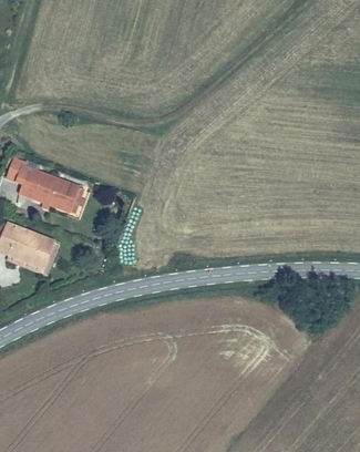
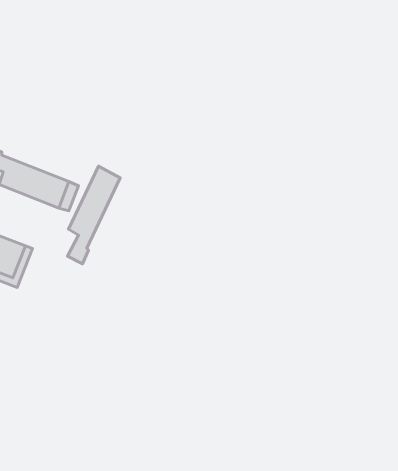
building: none -> [67,166,120,264]

